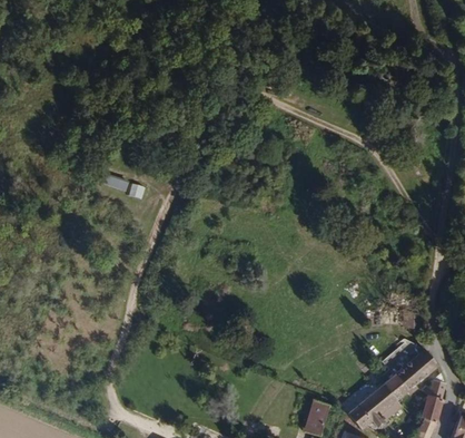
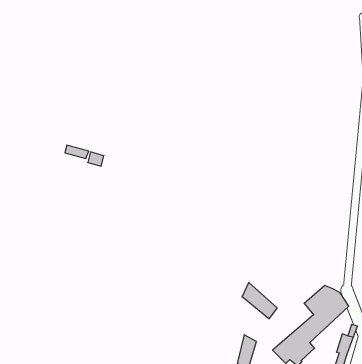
building: none -> [242,282,277,319]

